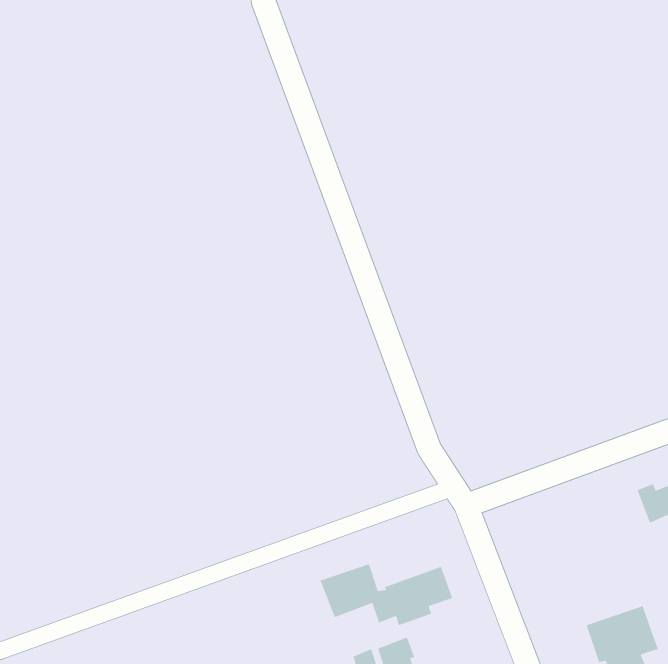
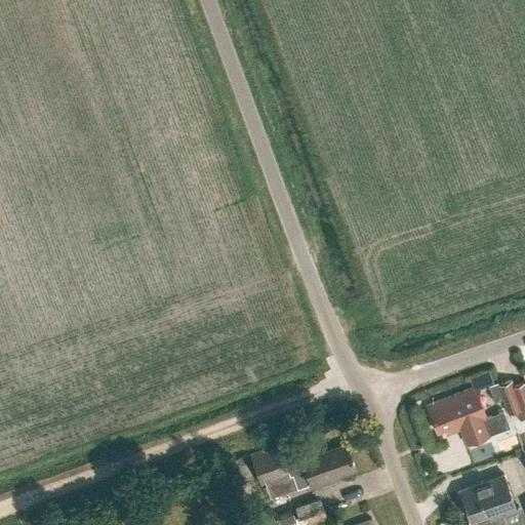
building: none -> [429,391,510,446]

